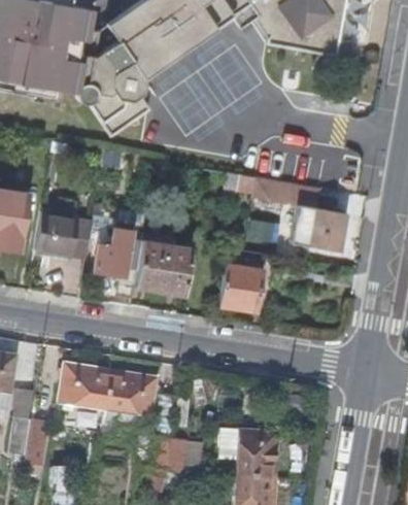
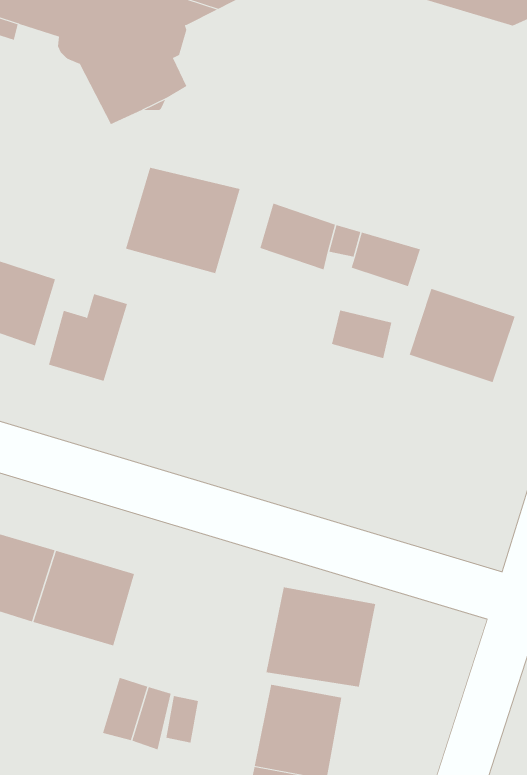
building: [134,238,193,292] -> [125,167,240,274]
building: [222,265,264,309] -> none
building: none -> [266,586,376,688]

